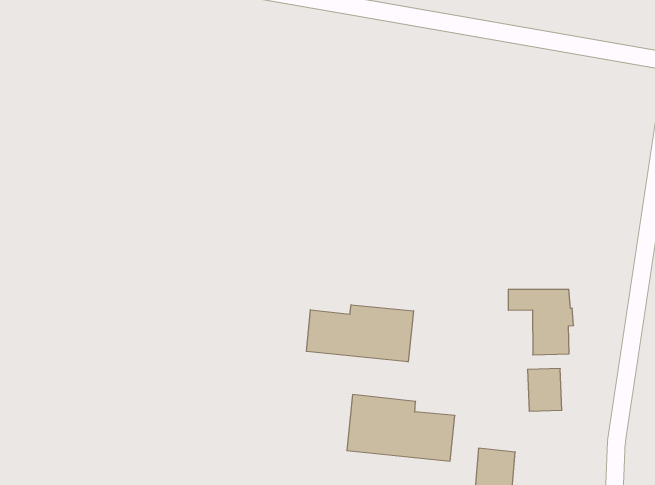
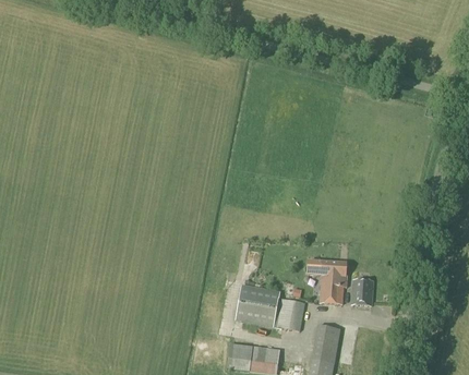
building: [508,289,574,355] -> [306,261,347,304]
building: [306,305,413,362] -> none

